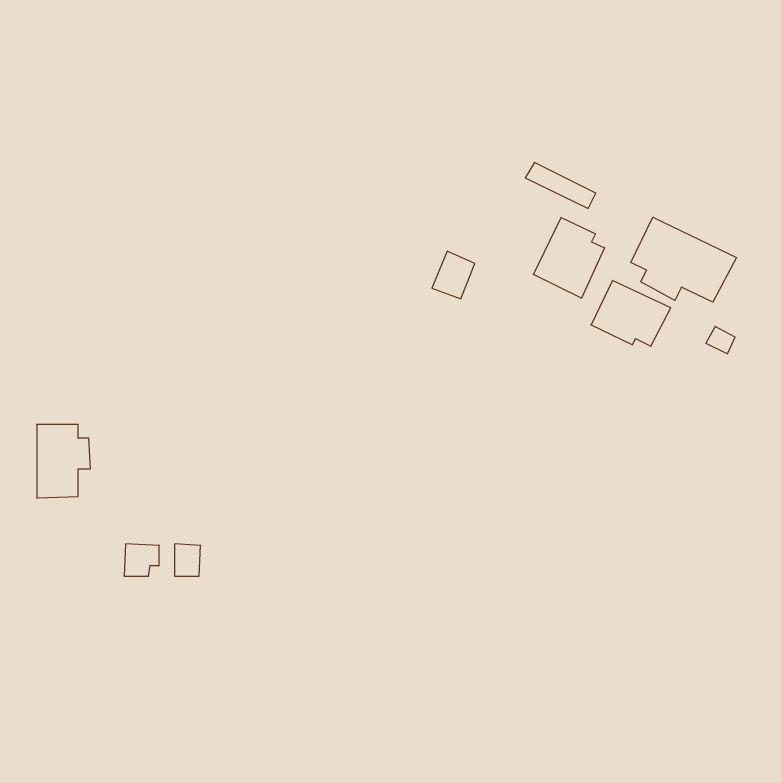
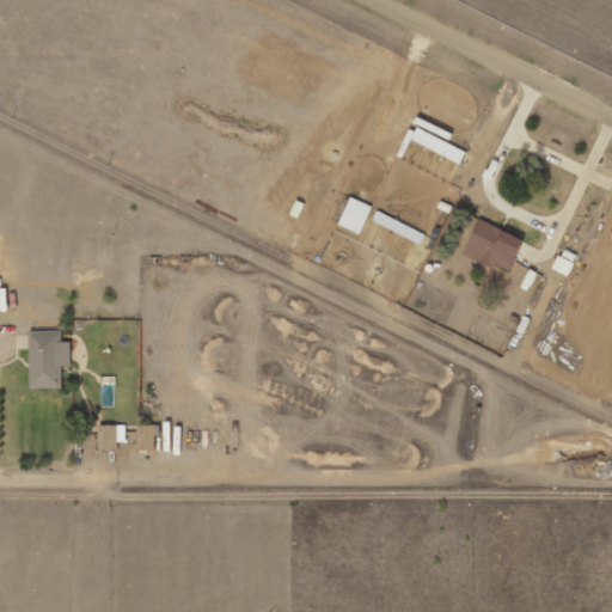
building: [631,217,736,302] -> none
building: [534,217,605,298] -> none

